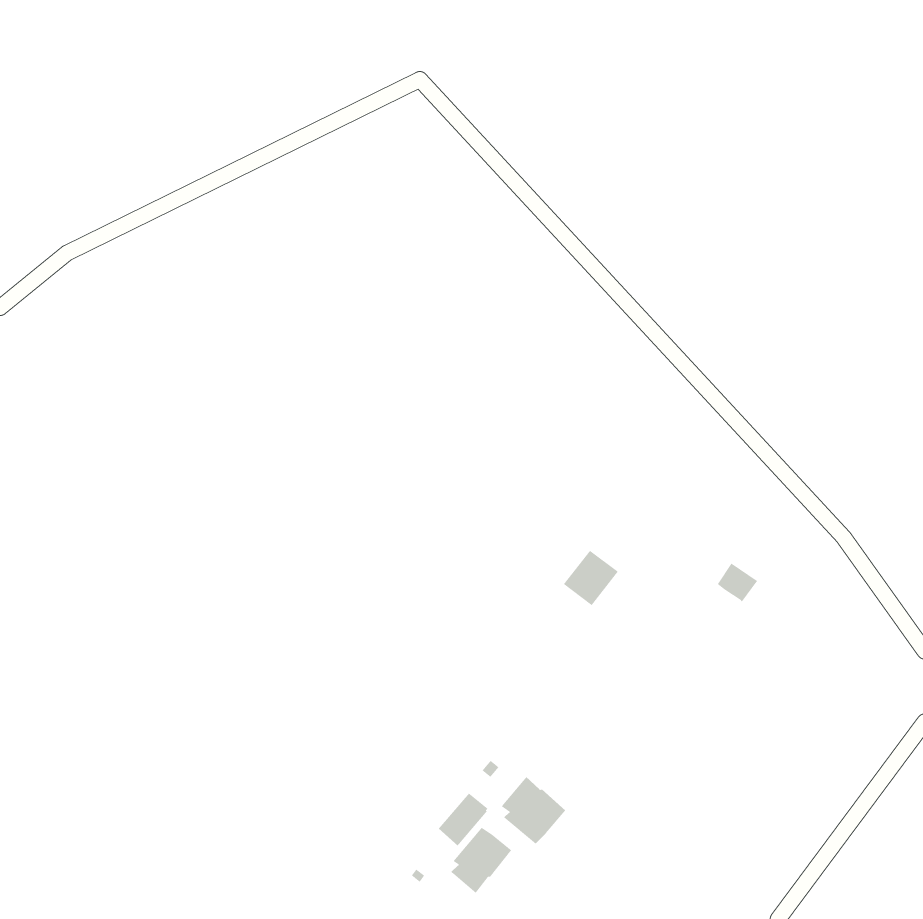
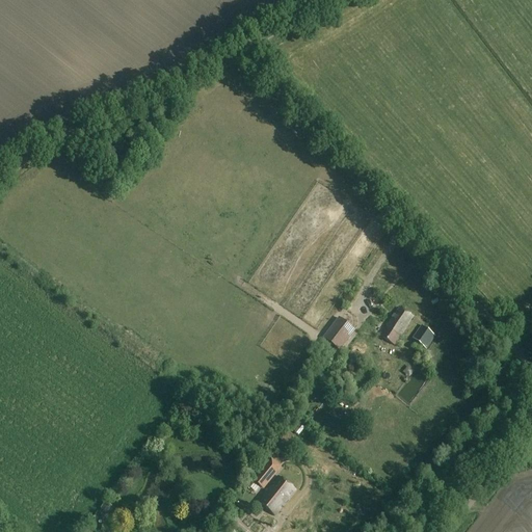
building: none -> [381,307,411,344]
building: [501,776,566,845] -> none

